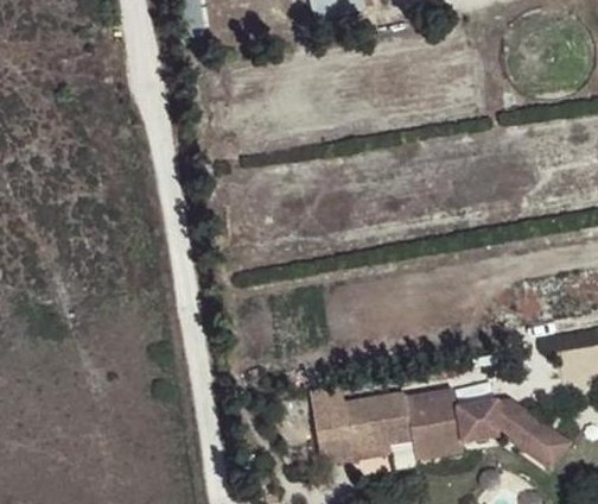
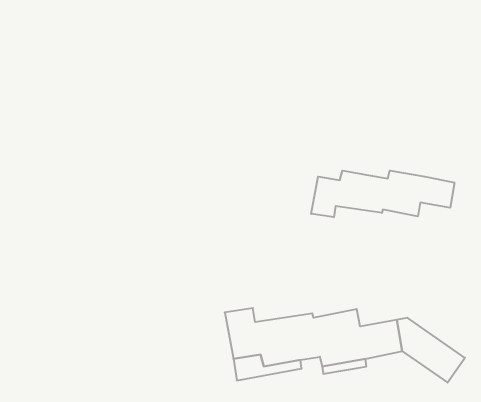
building: none -> [311,171,454,217]

